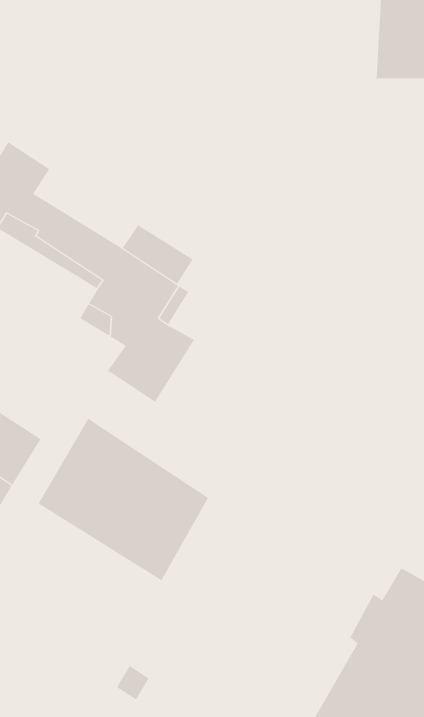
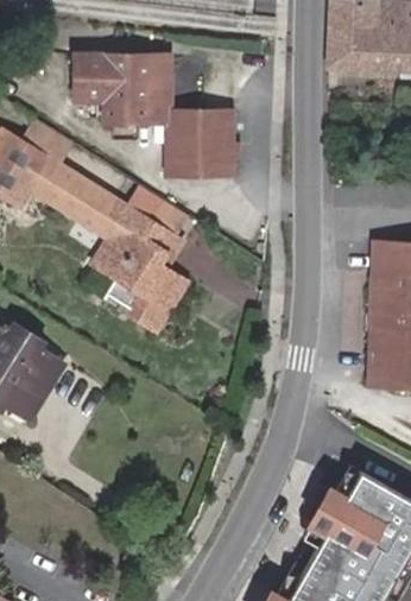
building: none -> [70,62,228,182]
building: [38,418,209,581] -> none

